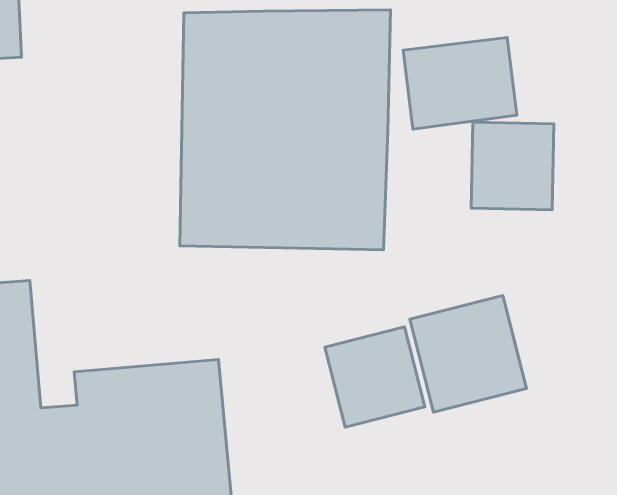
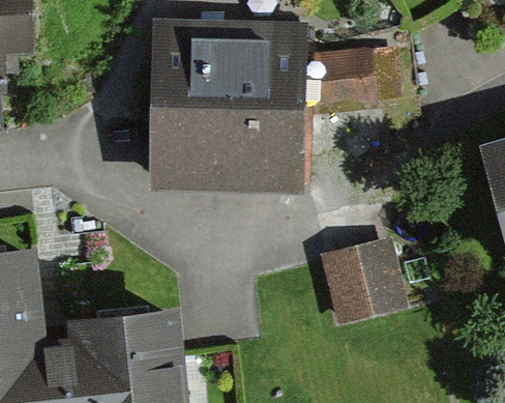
building: [471,122,554,210] -> none
building: [325,327,425,427] -> none

